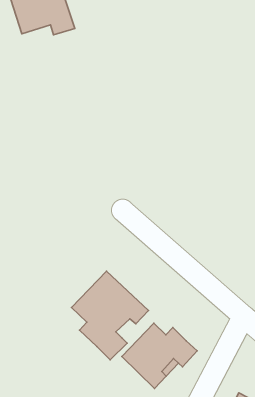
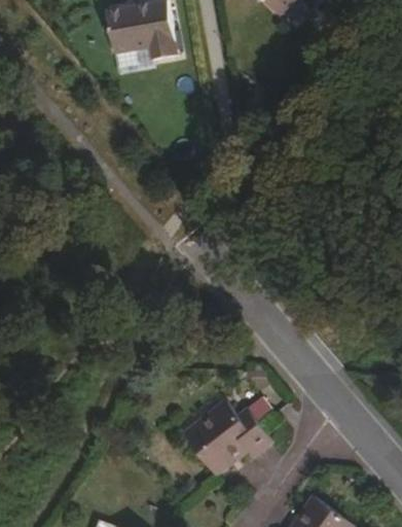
building: [72,271,149,360] -> none

